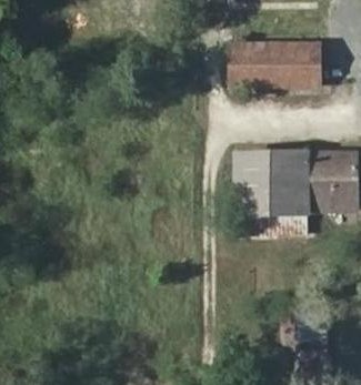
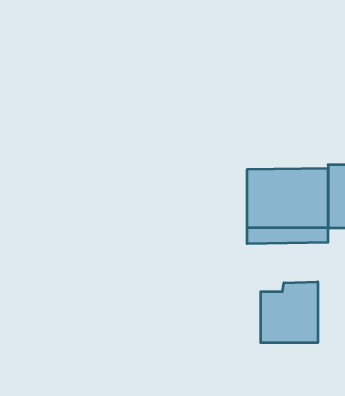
building: [232,43,321,85] -> none
building: none -> [261,282,318,343]

